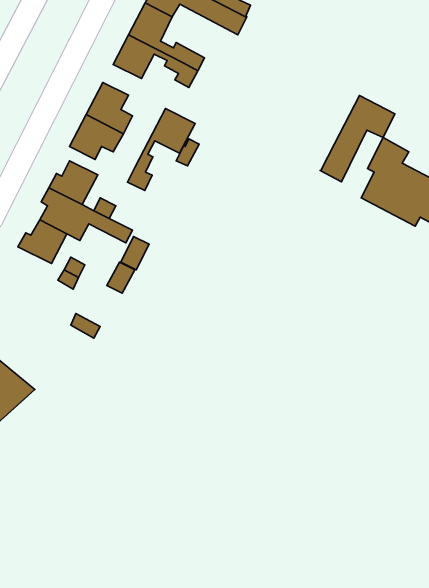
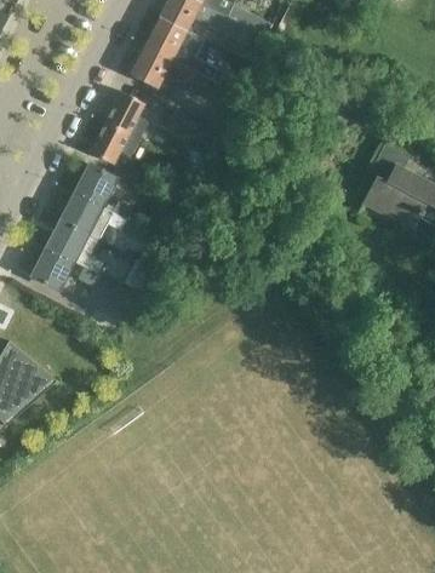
building: [320,96,395,182] -> none
building: [128,108,195,191] -> none
building: none -> [32,245,71,288]

